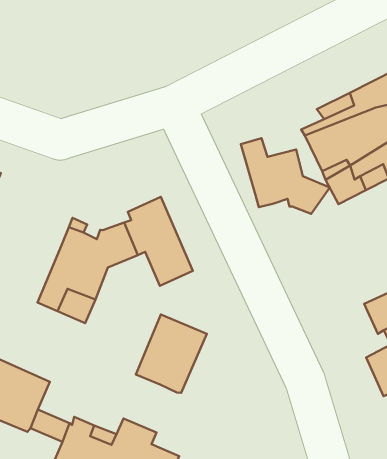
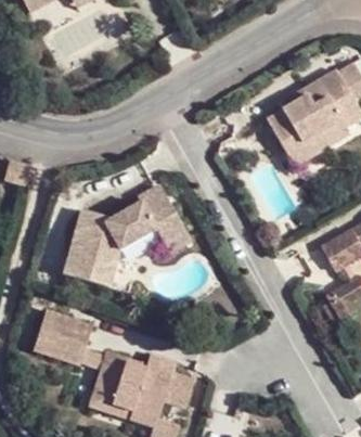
building: [241,138,330,214] -> none
building: [136,314,207,393] -> none

